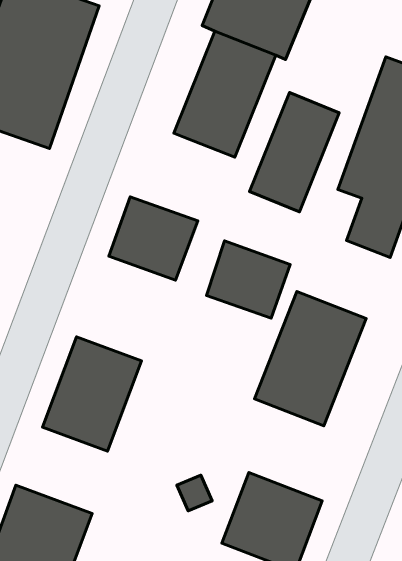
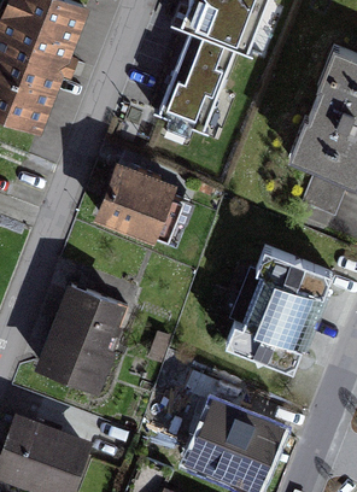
building: [250,92,339,212] -> none
building: [206,241,290,318] -> none

